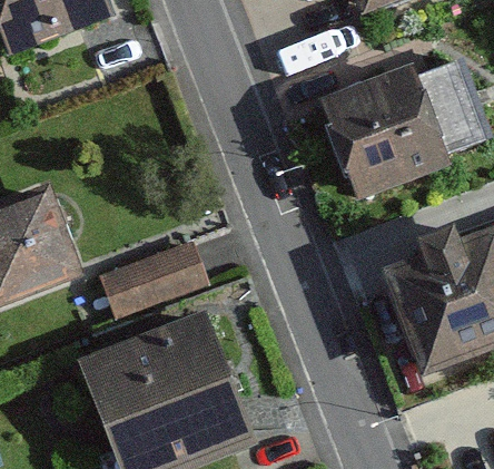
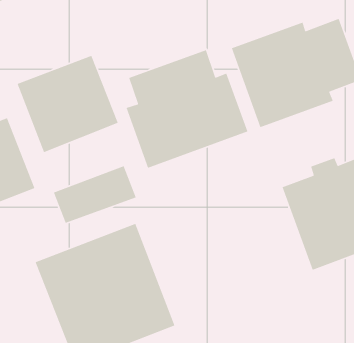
building: none -> [126,49,248,169]
building: none -> [16,55,119,153]

